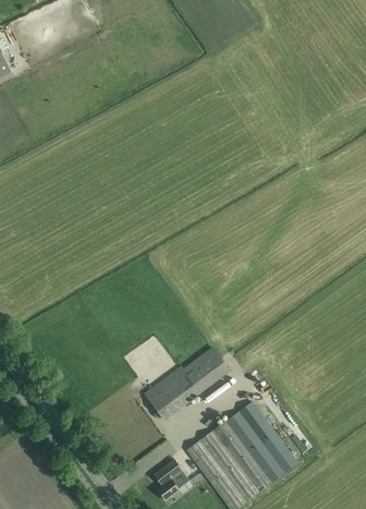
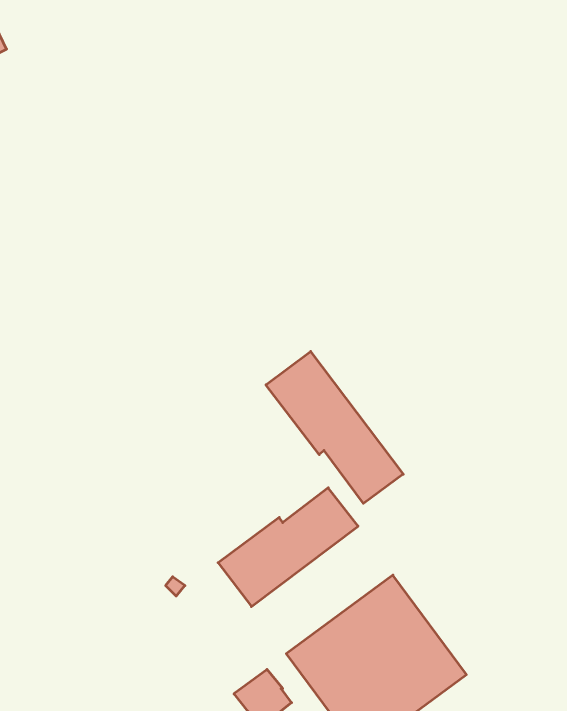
building: none -> [266,351,403,503]

